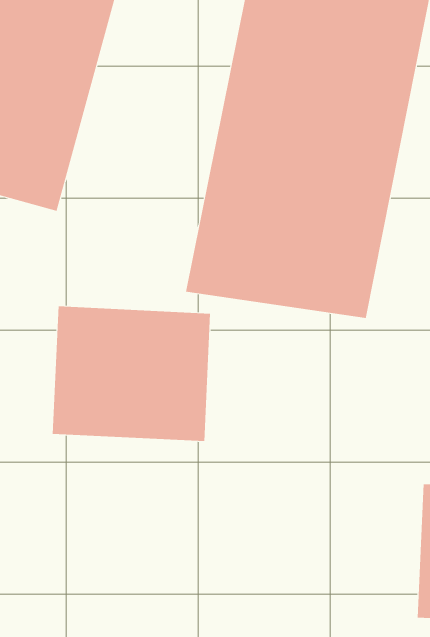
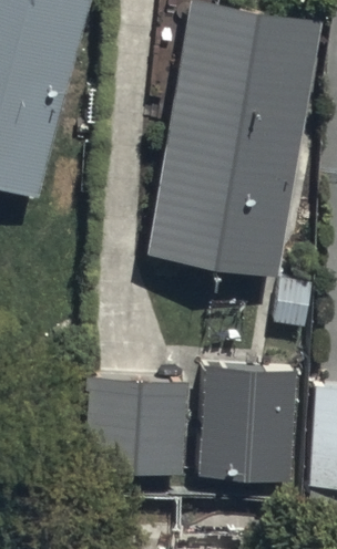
building: [52,306,211,441] -> [73,377,192,478]
building: none -> [203,369,302,487]

